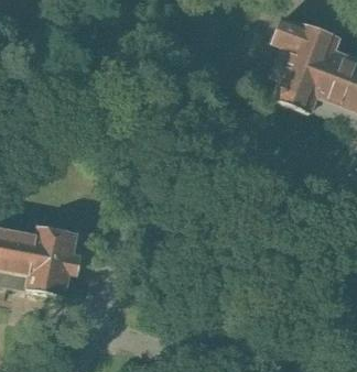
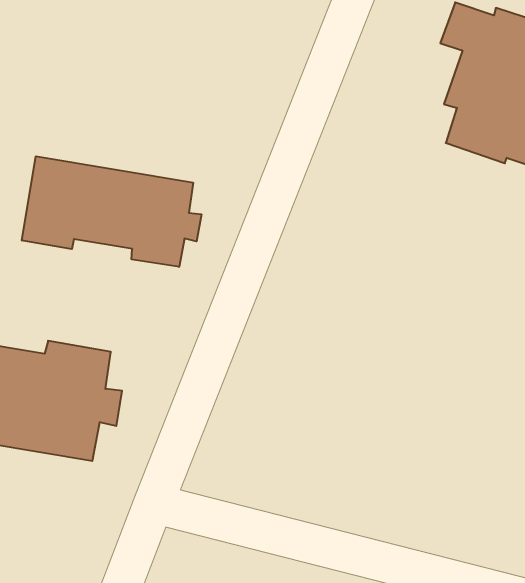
building: none -> [22,156,201,267]

